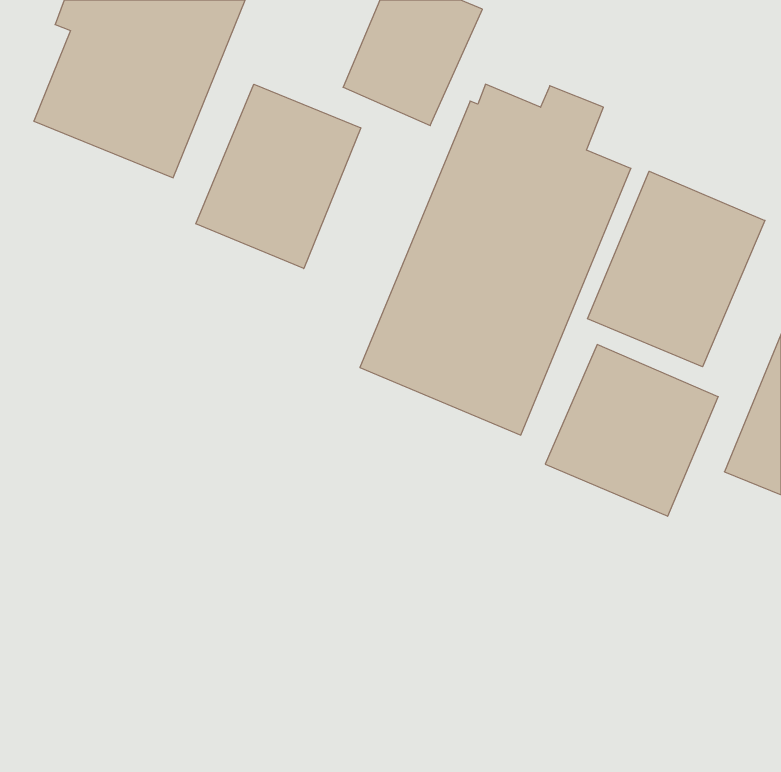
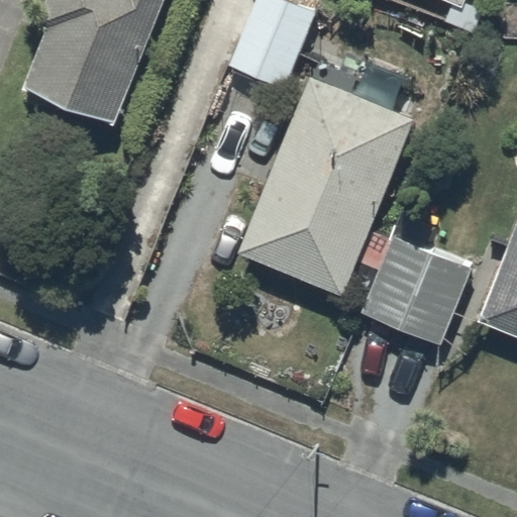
building: [196,84,361,269] -> none
building: [588,171,765,367] -> none

